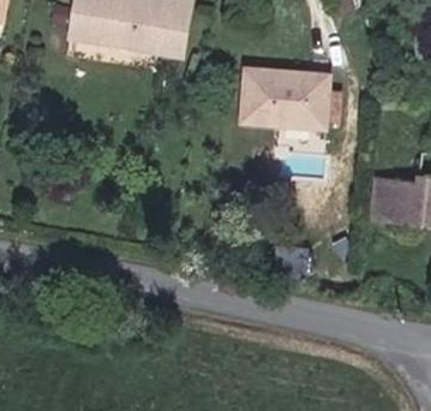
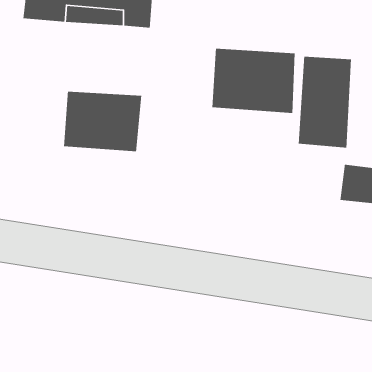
building: none -> [298,56,352,149]
building: none -> [63,91,142,152]

